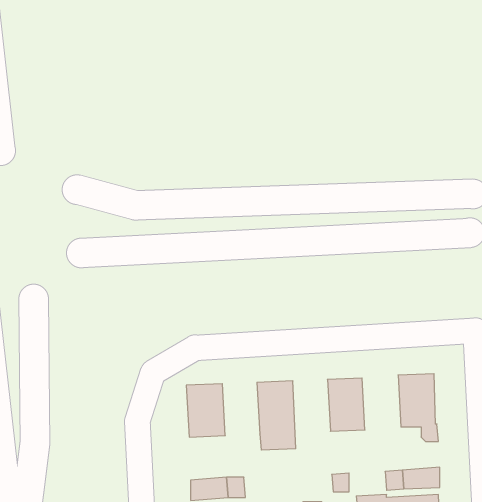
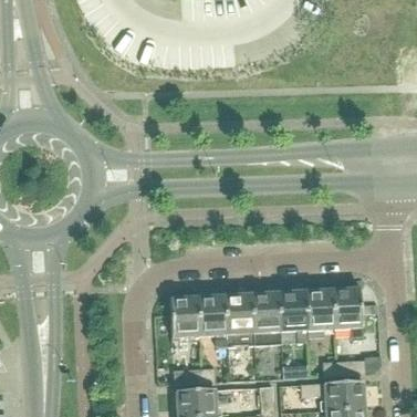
building: none -> [304,290,334,332]
building: none -> [251,293,280,346]
building: none -> [197,295,226,336]

